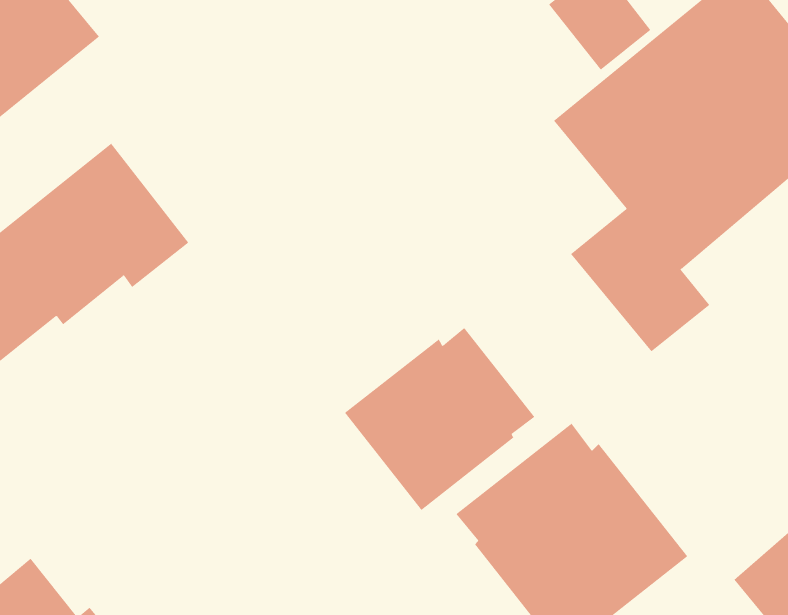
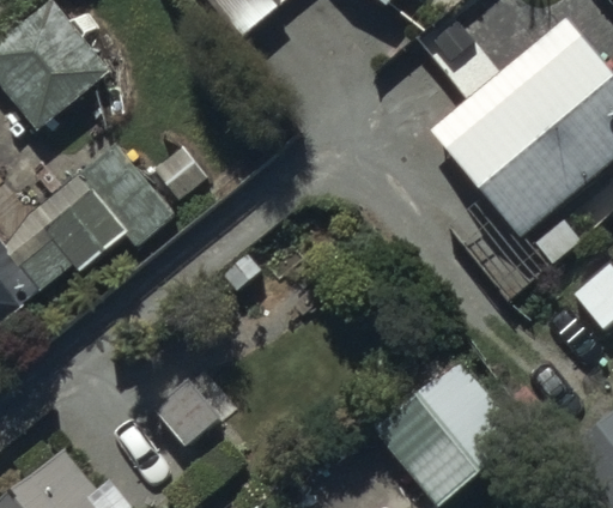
building: [344,327,535,511] -> none

